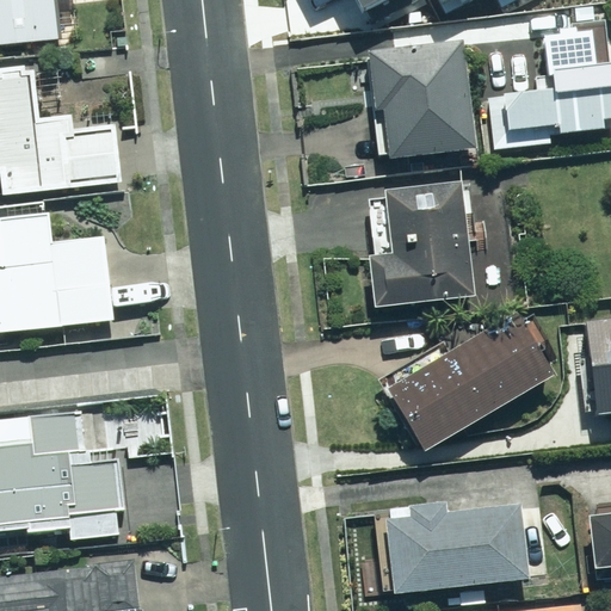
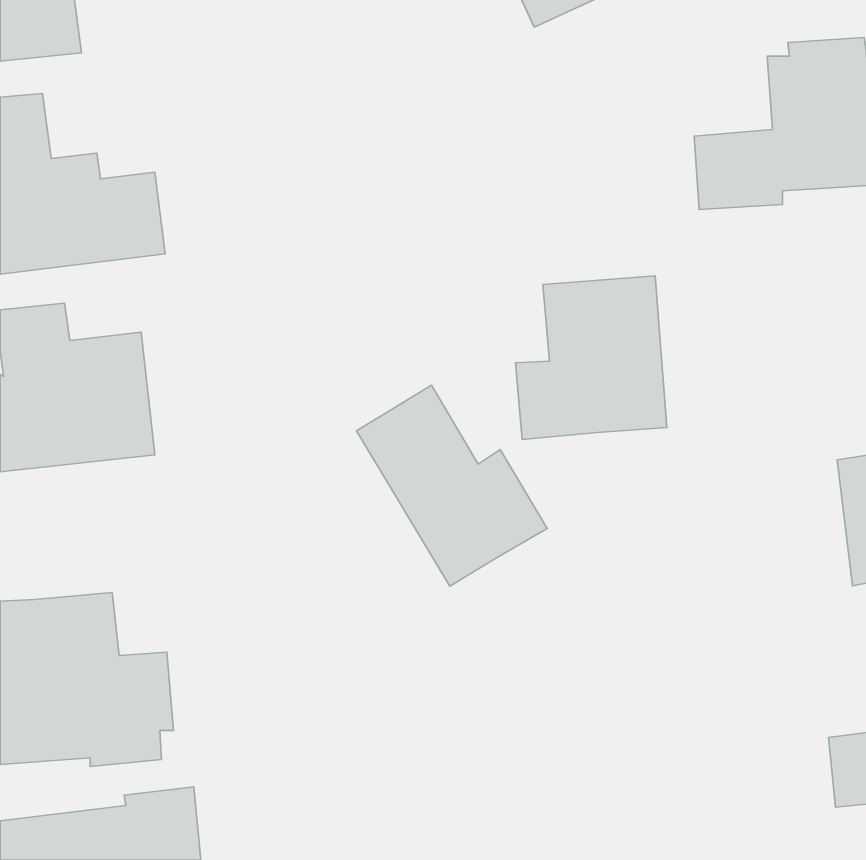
building: [365,38,473,161] -> none
building: none -> [356,385,547,586]
building: [385,313,550,451] -> none
building: [382,504,527,594] -> none

